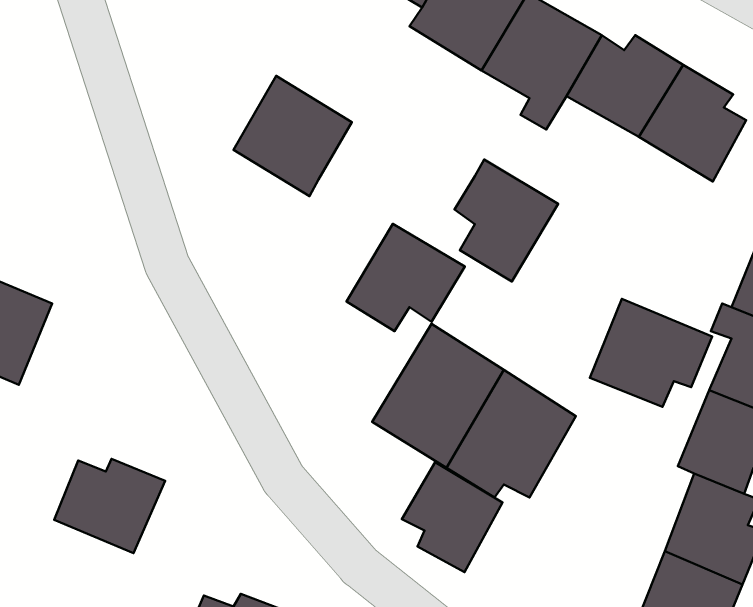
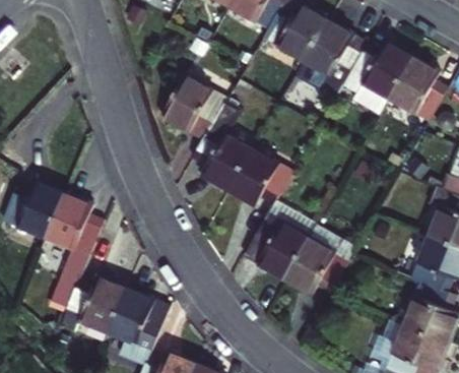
building: [454,160,558,282] -> [196,124,253,191]
building: [590,299,712,407] -> none
building: none -> [48,192,105,278]
building: [402,462,503,572] -> none
building: none -> [111,290,169,348]

